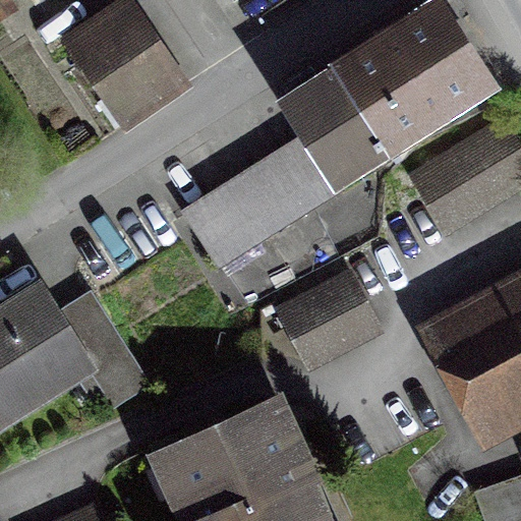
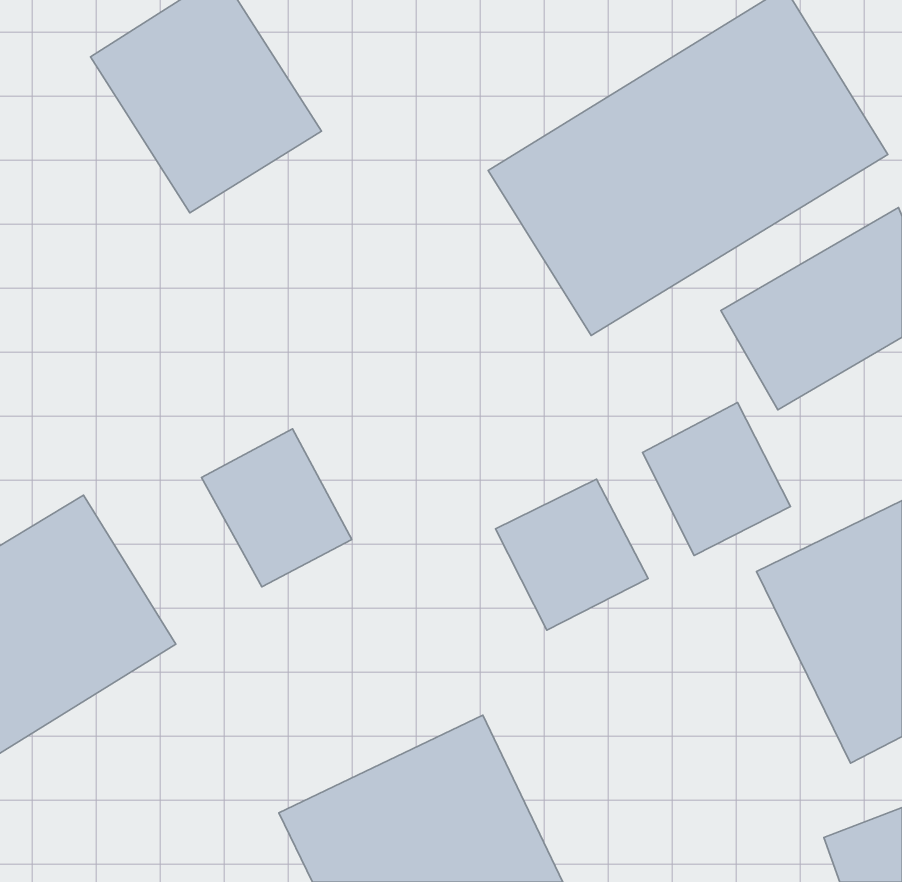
building: [186,144,323,267] -> none
building: none -> [643,402,791,556]
building: none -> [202,429,352,587]

